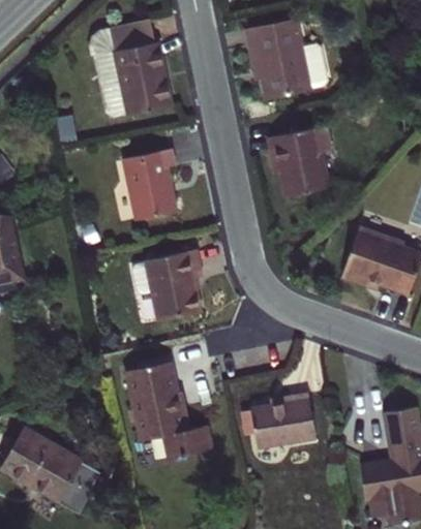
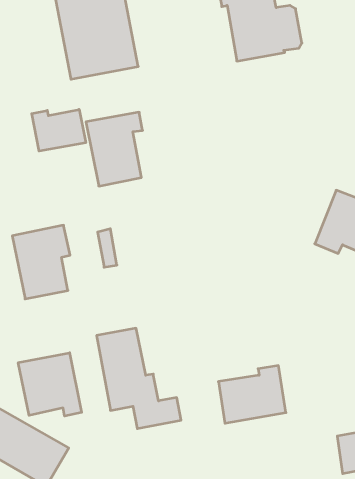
building: [266,126,331,199] -> none
building: none -> [32,109,86,151]
building: [149,248,205,319] -> [12,225,70,299]
building: none -> [18,353,82,416]

